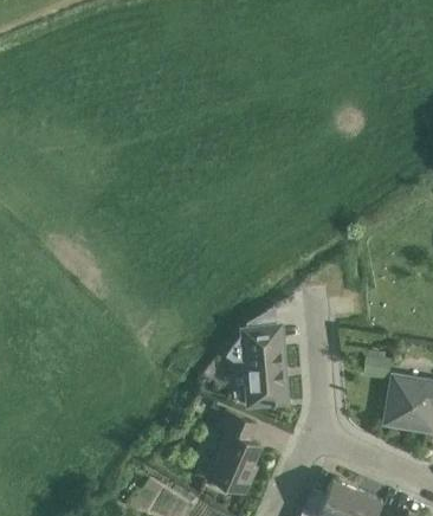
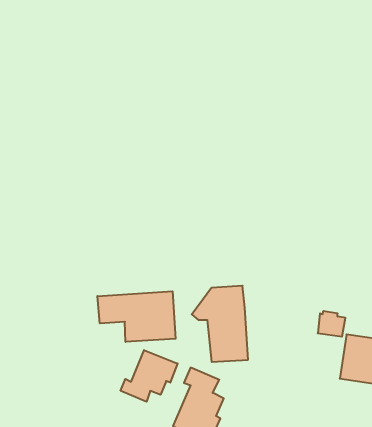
building: none -> [97,291,176,342]
building: none -> [121,350,178,402]

